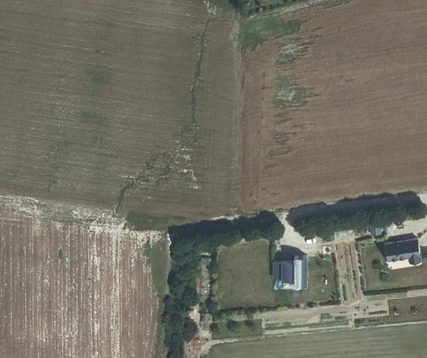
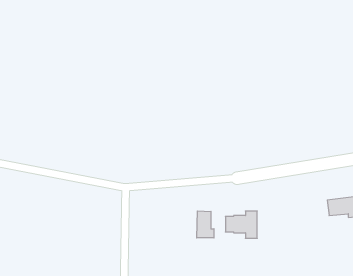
building: none -> [197,211,214,238]

